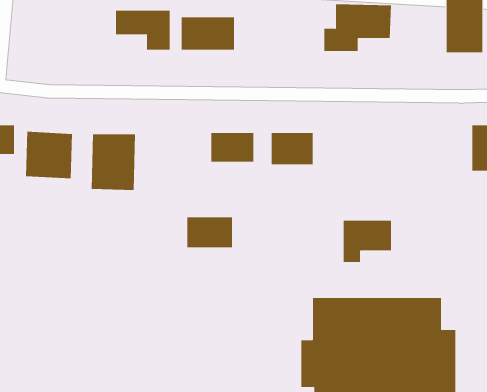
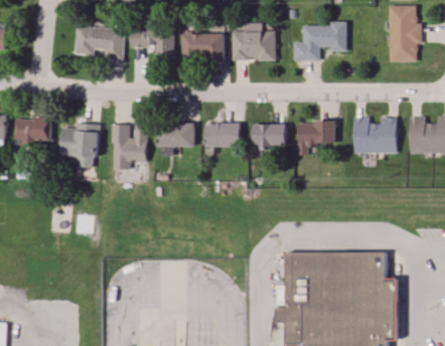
building: none -> [233,24,276,60]
building: none -> [76,27,125,57]
building: none -> [354,118,397,154]
building: [186,217,233,248] -> [158,124,194,148]
building: [343,220,392,263] -> [297,123,335,156]

